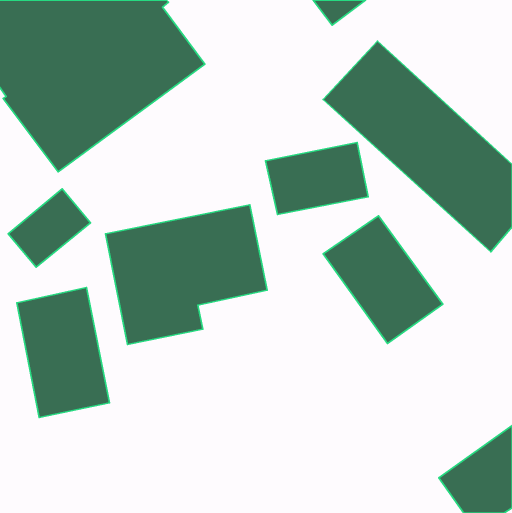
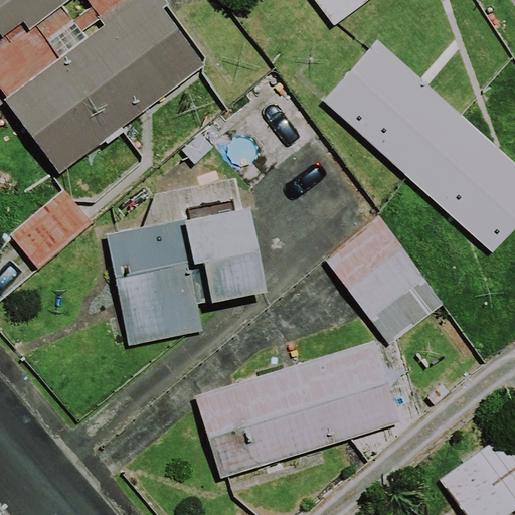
building: [266,143,368,214] -> none
building: [17,287,110,417] -> none
building: none -> [194,340,400,480]

